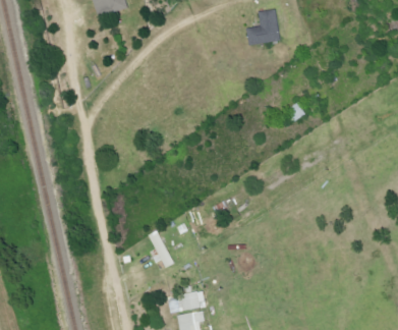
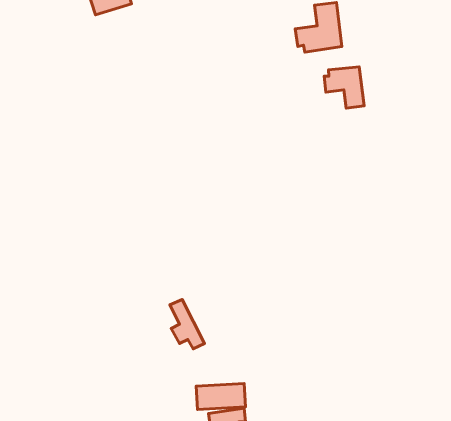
building: none -> [324,67,364,108]

